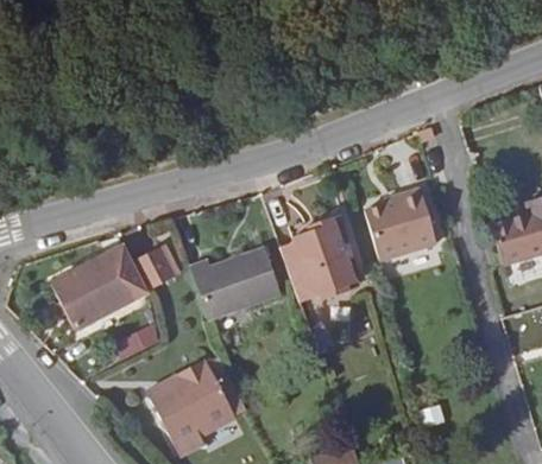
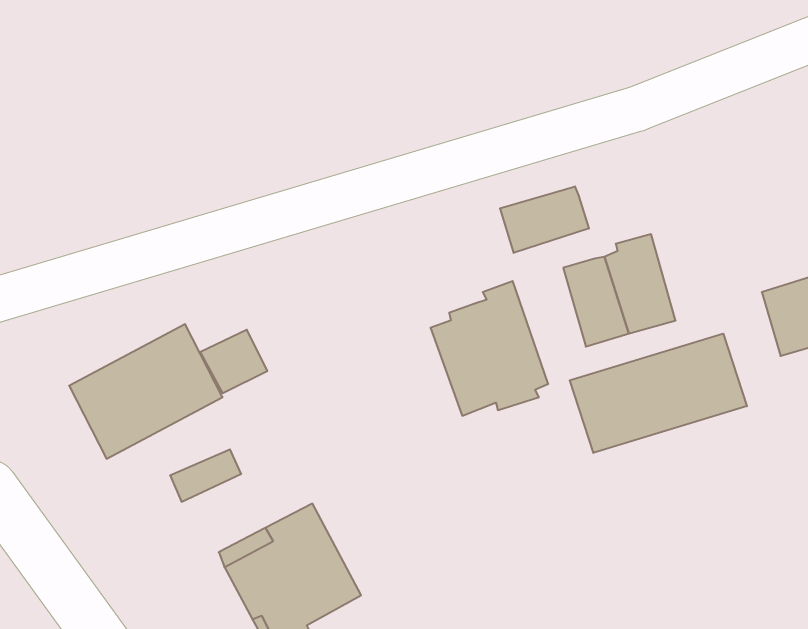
building: none -> [500,186,589,253]
building: [190,246,282,320] -> none
building: none -> [570,334,747,453]

